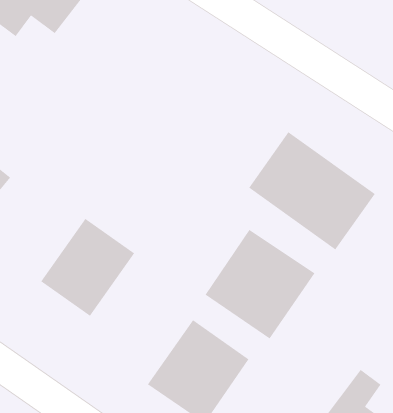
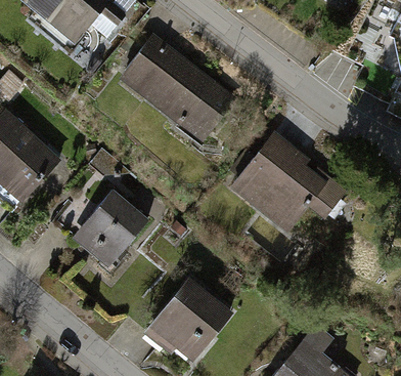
building: none -> [121,38,233,140]
building: [205,229,316,340] -> none

